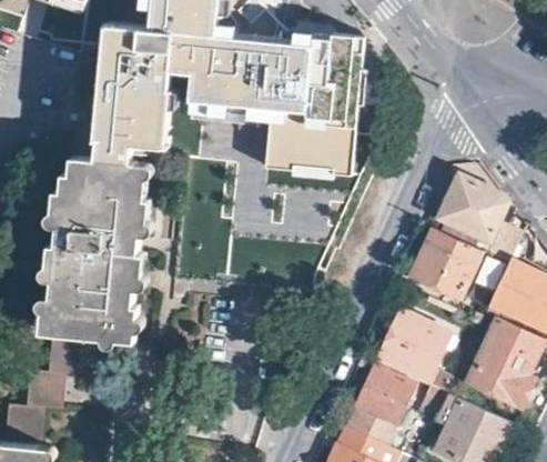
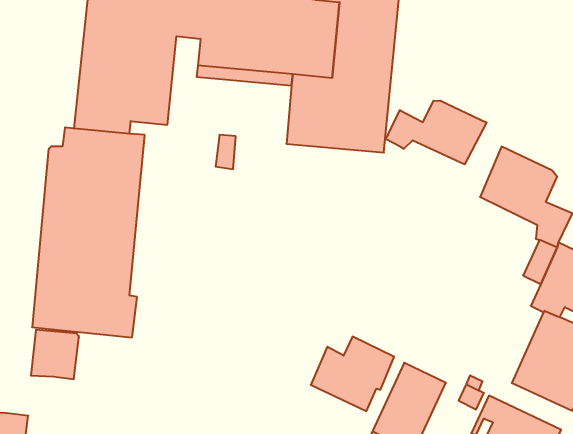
building: none -> [385,101,487,164]
building: [412,225,482,297] -> none
building: [377,311,450,376] -> [311,337,394,411]
building: [26,371,67,410] -> none

